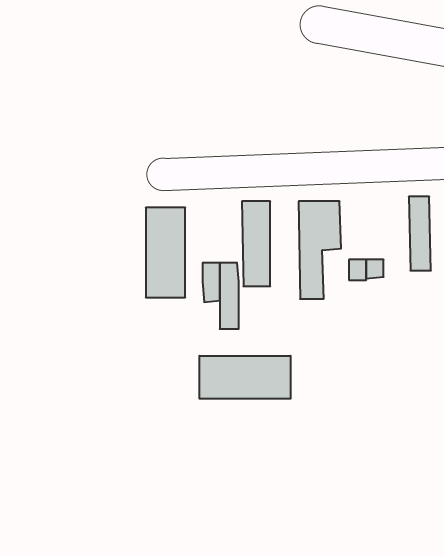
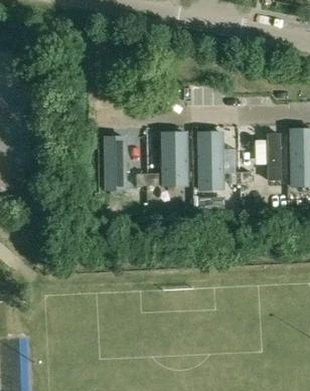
building: [199,356,291,399] -> none

